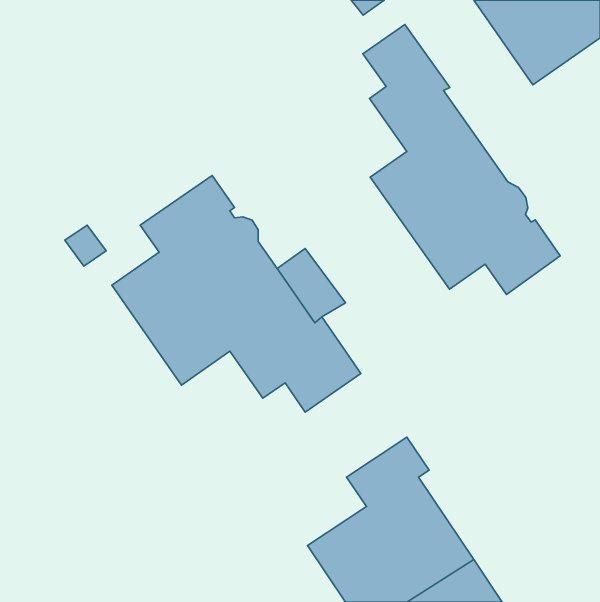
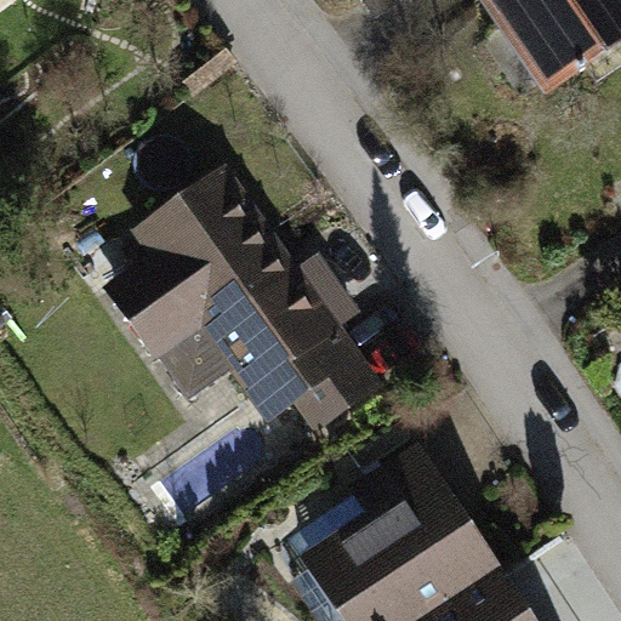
building: [363,24,560,294] -> none

